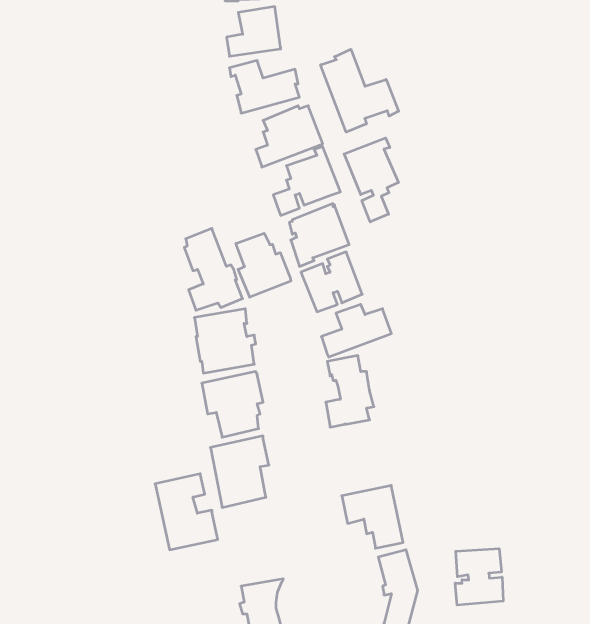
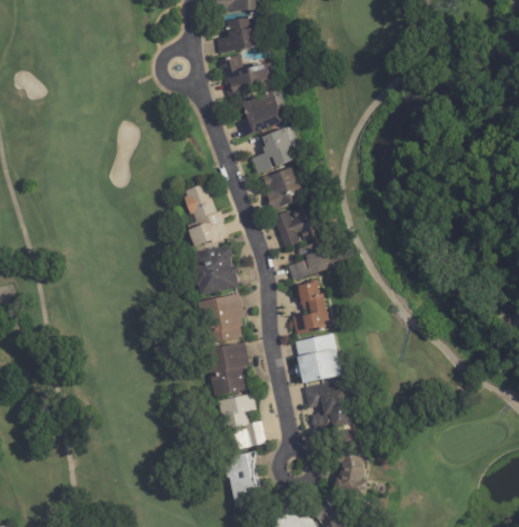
building: [321,49,399,132] -> none
building: [344,138,398,222] -> none
building: [236,233,291,297] -> none
building: none -> [292,334,339,384]
building: [155,474,218,550] -> [217,394,265,451]
building: [455,549,503,605] -> none

